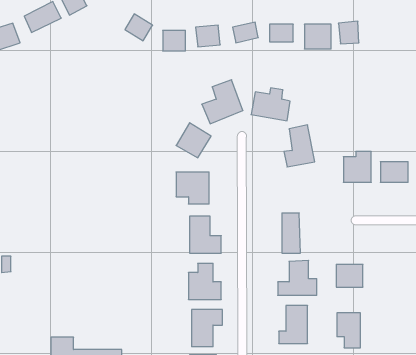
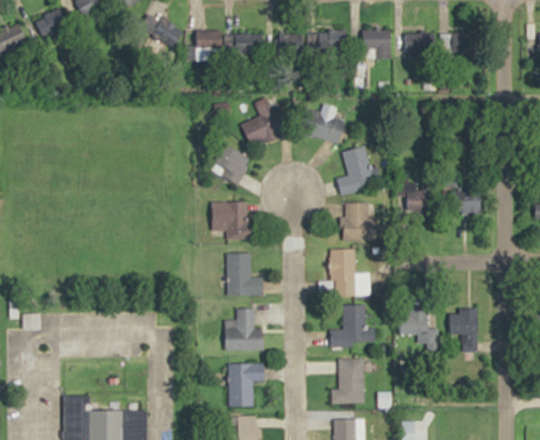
building: none -> [438,34,472,58]
building: none -> [342,204,377,242]
building: [337,313,360,348] -> [450,311,478,351]

